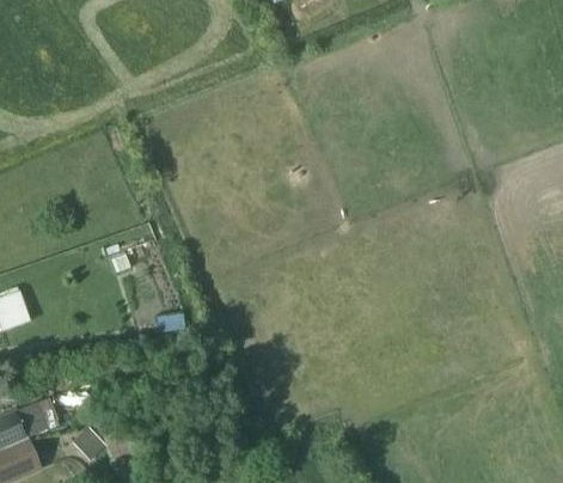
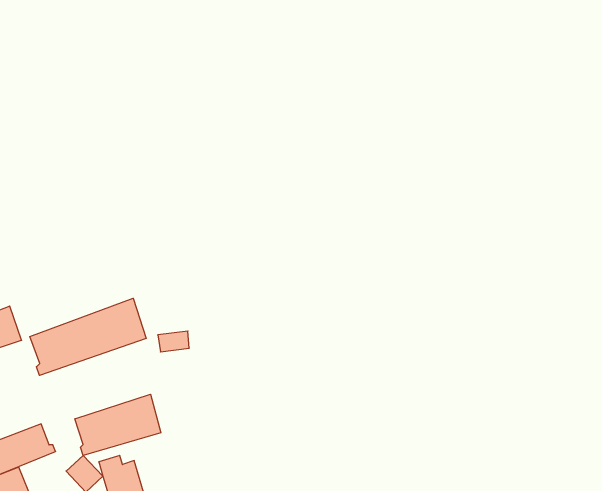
building: none -> [30,298,146,375]
building: none -> [75,394,161,455]

